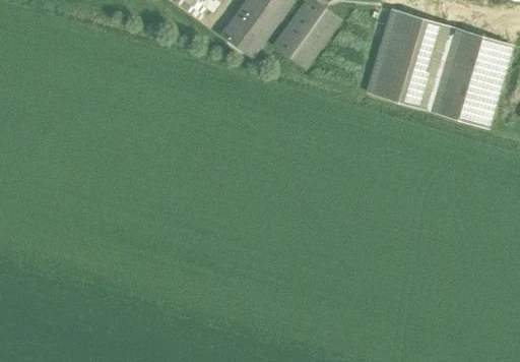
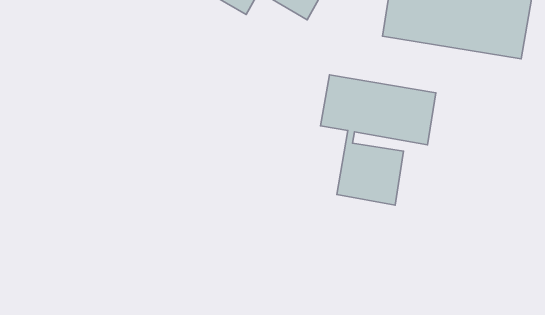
building: none -> [321,75,436,205]

